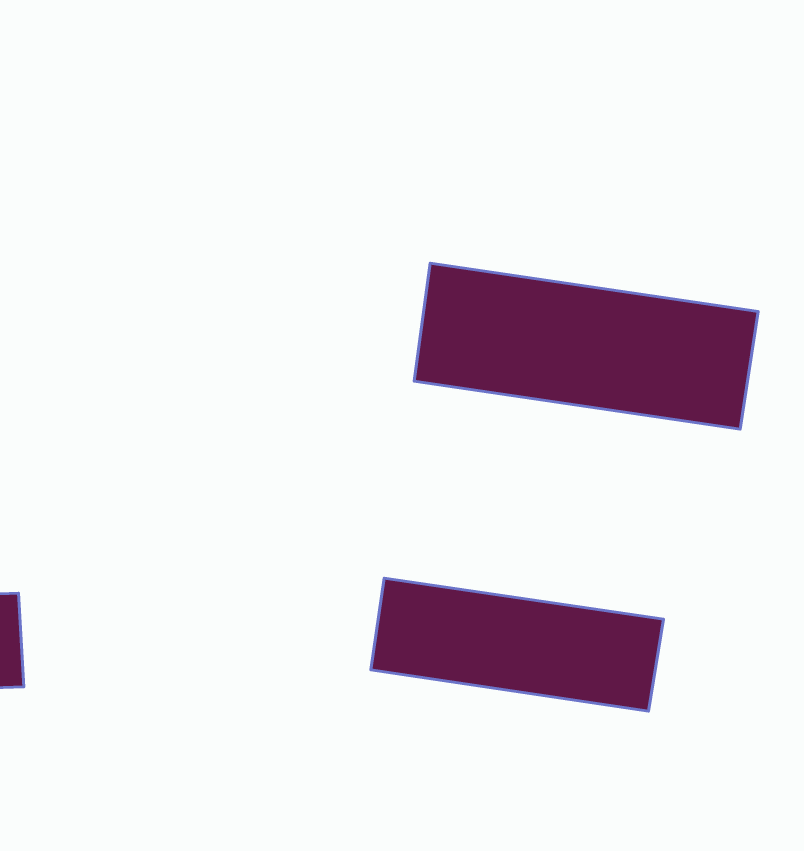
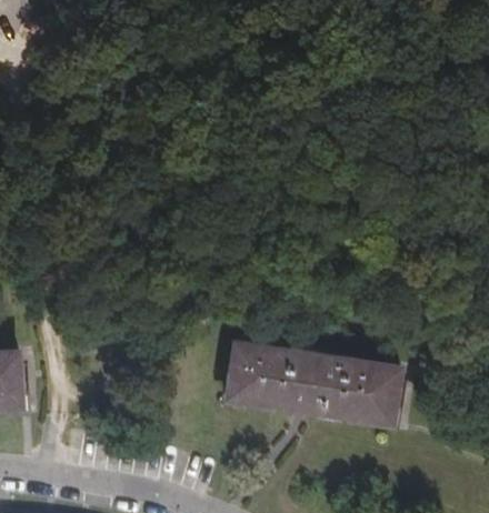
building: [414,263,758,429] -> none

